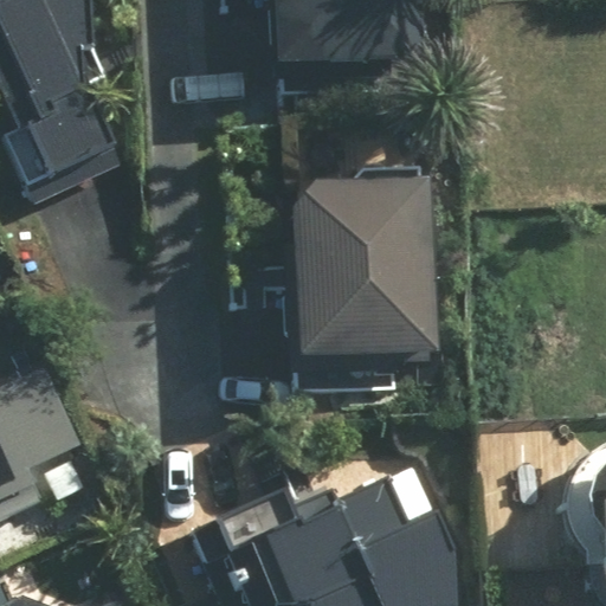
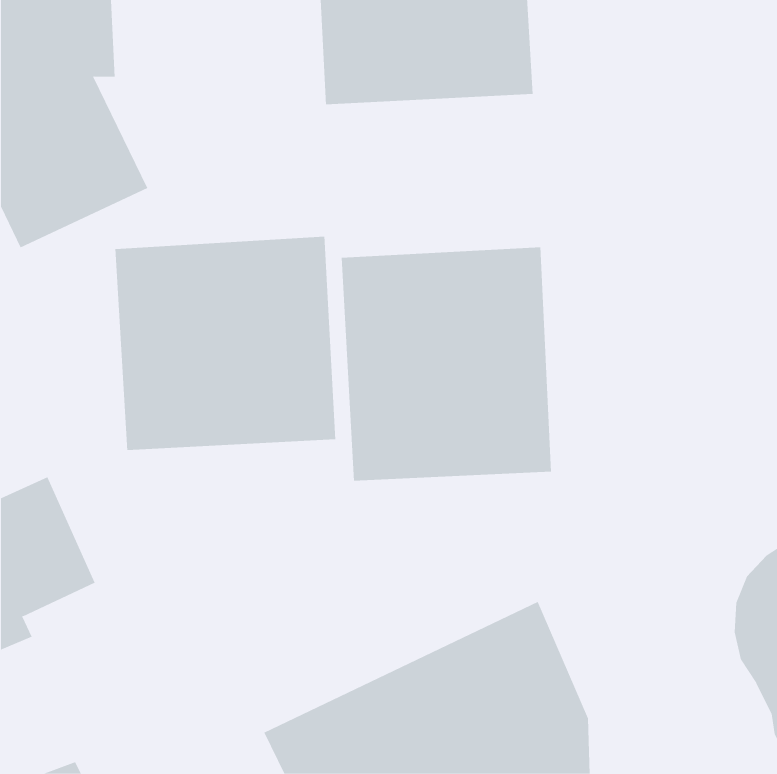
building: none -> [115,236,336,451]

